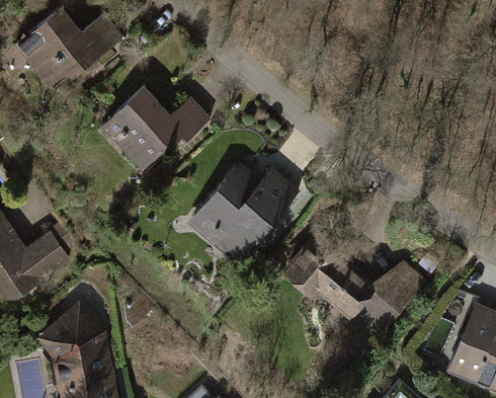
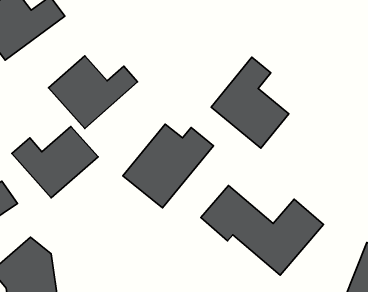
building: none -> [211,57,289,148]
building: none -> [12,126,98,198]

